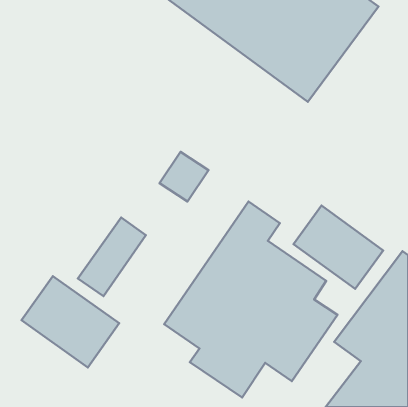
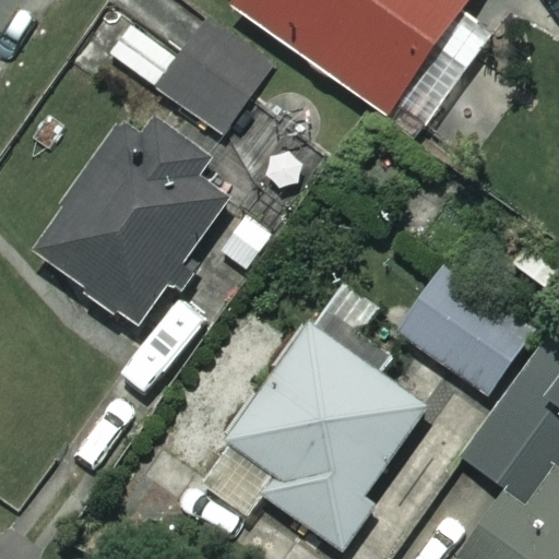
building: none -> [111,17,274,135]
building: none -> [33,107,230,325]
building: [22,276,119,367] -> none

